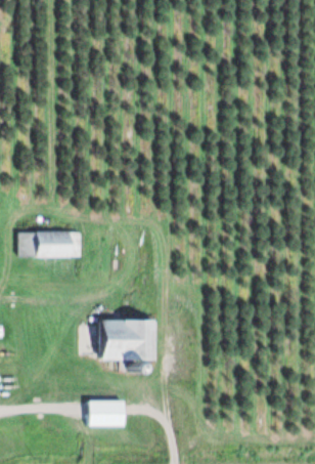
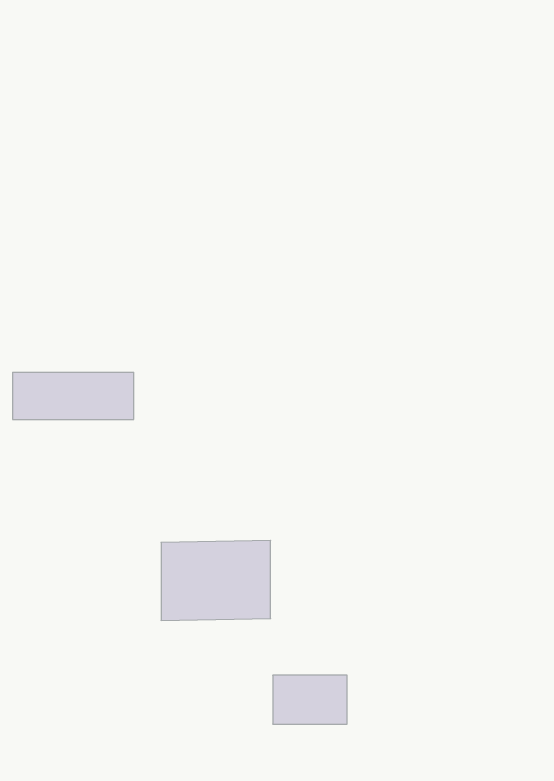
building: [86,400,125,426] -> [273,675,347,724]

